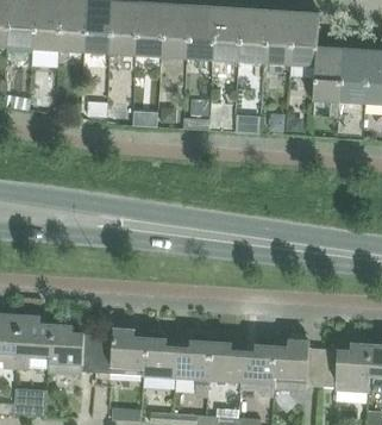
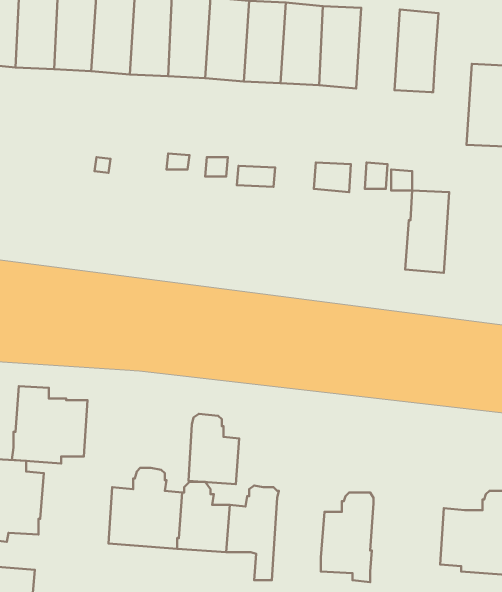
building: [264,10,294,65] -> none
building: [313,46,343,102] -> [405,190,449,273]
building: [48,325,99,377] -> [12,386,87,463]
building: [274,332,324,393] -> none
building: [208,335,243,382] -> [188,414,239,484]

